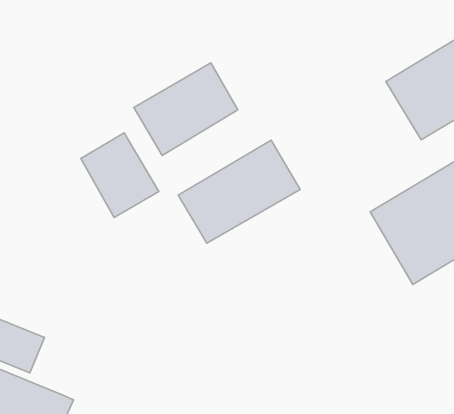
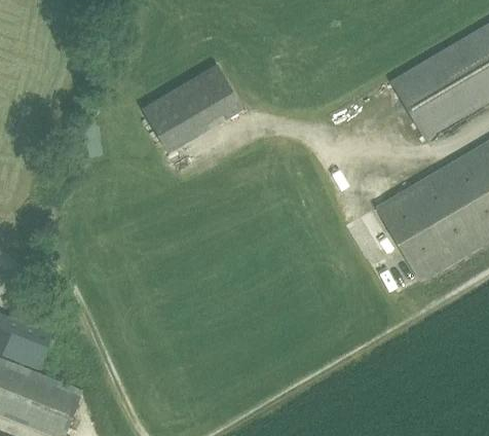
building: [81,133,159,218] -> none
building: [178,140,300,243] -> none

